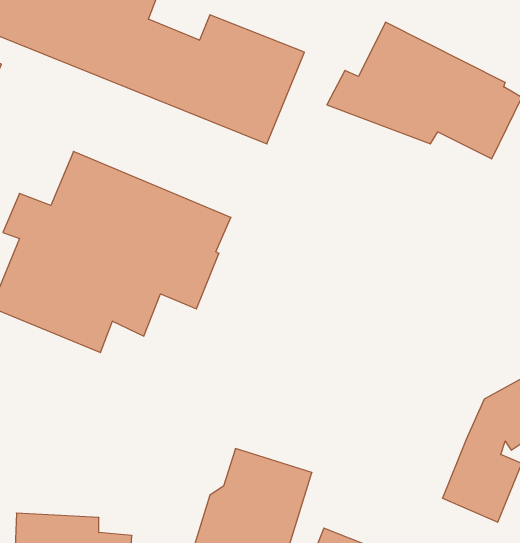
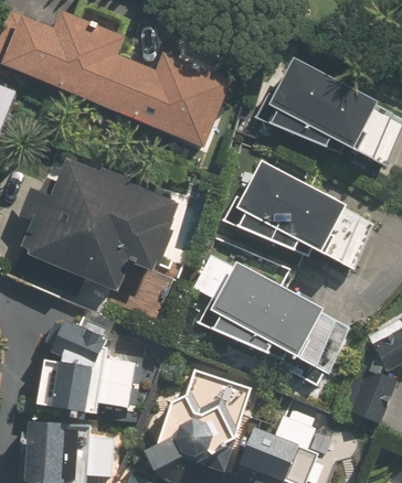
building: none -> [223,164,367,265]
building: none -> [189,247,345,386]
building: none -> [38,316,130,411]

